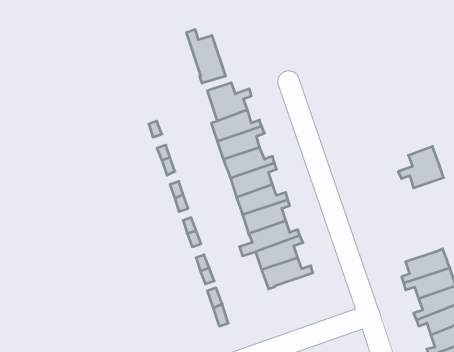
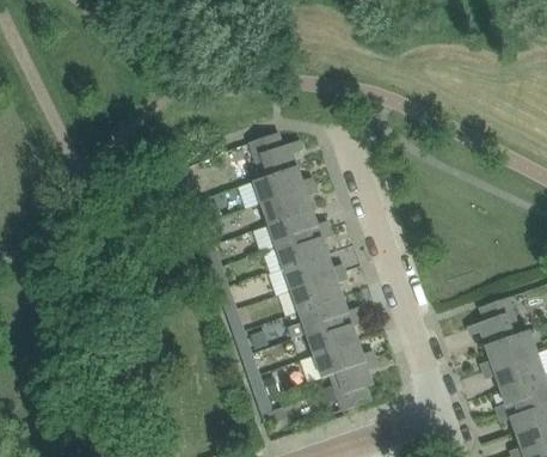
building: [187,29,225,83] -> none
building: [398,146,444,188] -> [467,297,521,346]
building: none -> [330,359,377,410]

